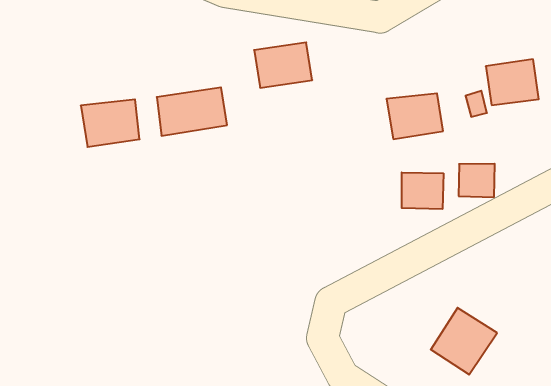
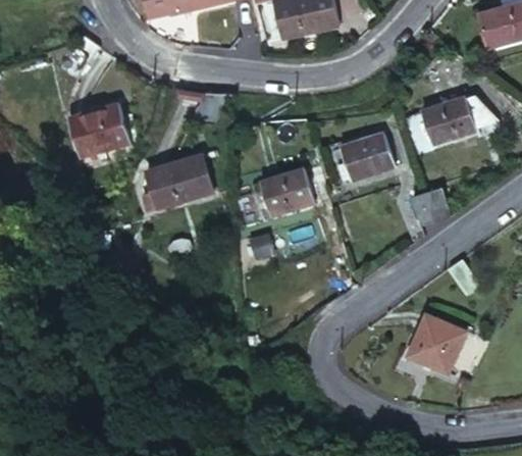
building: [254,42,312,88] -> [259,169,312,213]
building: [81,99,140,147] -> [70,106,124,152]
building: [402,172,443,209] -> none

